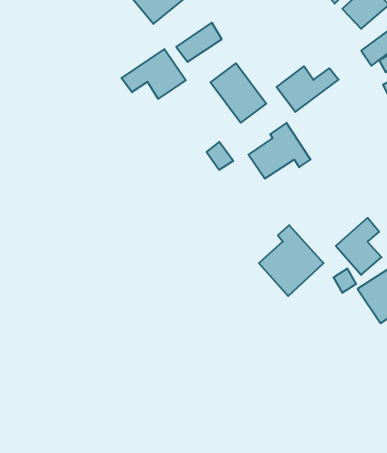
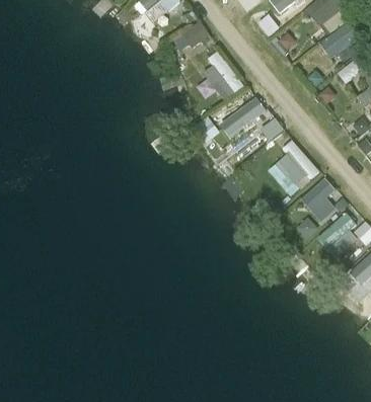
building: [121,49,186,99] -> none
building: [277,66,339,112] -> none
building: [259,225,324,296] -> [268,140,319,196]

